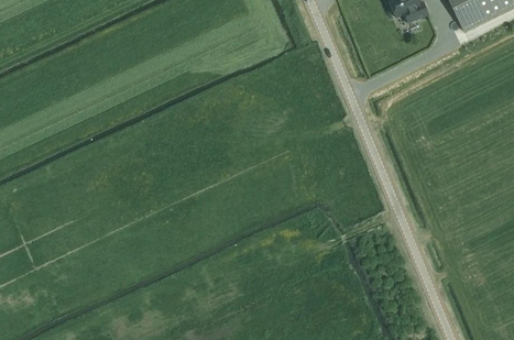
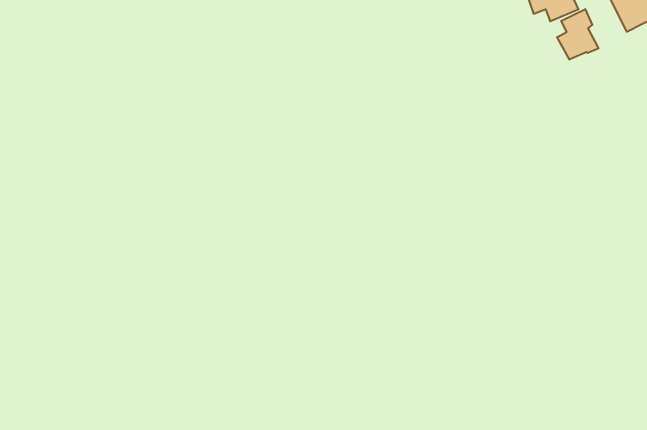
building: none -> [557,9,598,60]

